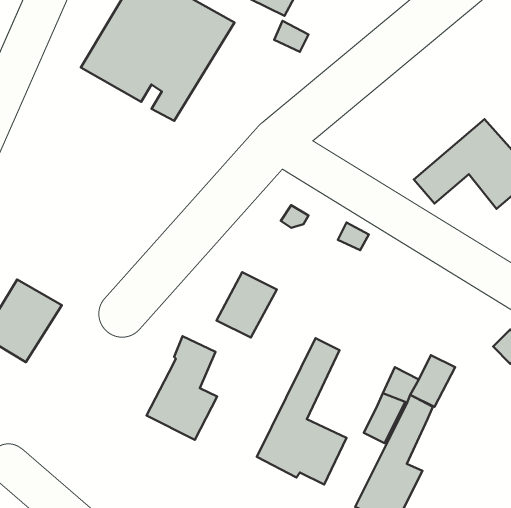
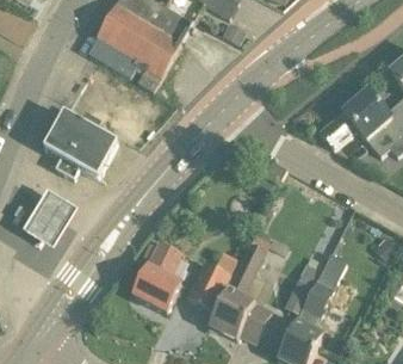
building: none -> [42,110,116,175]
building: [216,272,277,338] -> [186,263,228,308]

